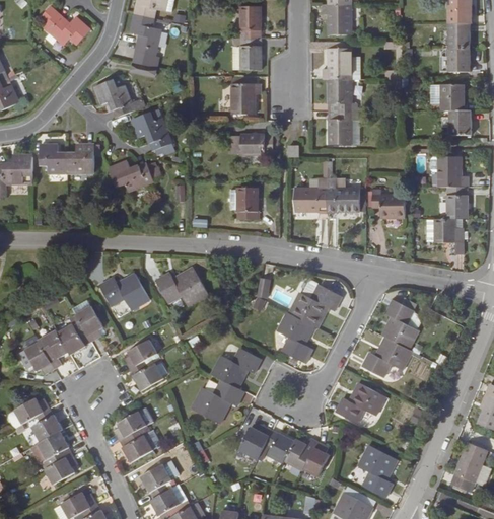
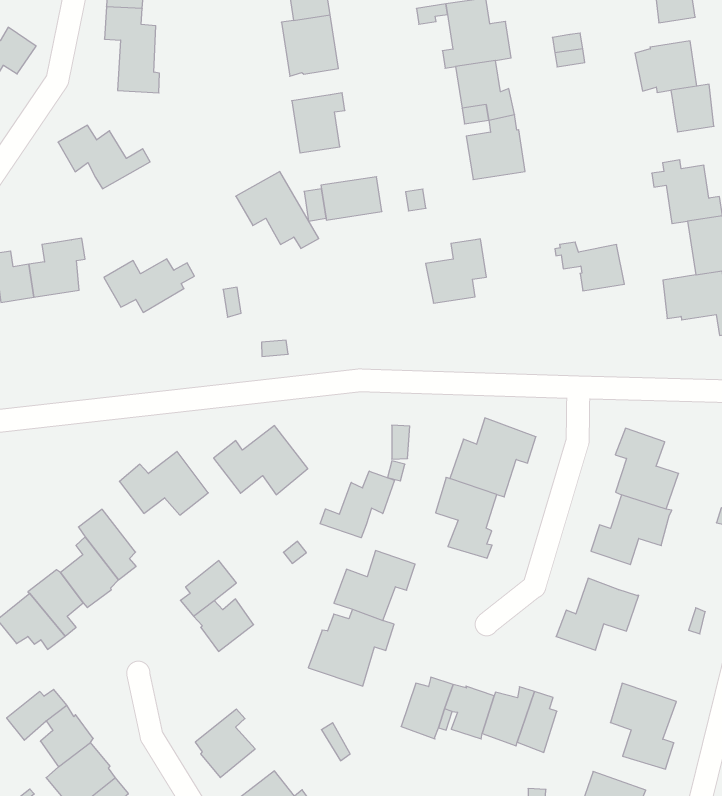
building: [131,108,174,154] -> [236,172,319,248]
building: [327,178,359,211] -> none
building: [229,187,258,219] -> none
building: none -> [320,471,395,538]
building: [114,411,146,440] -> none

